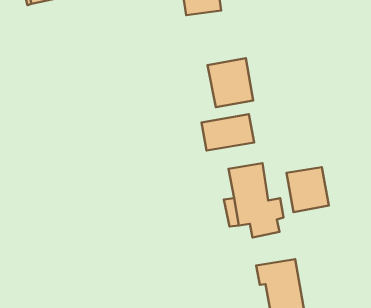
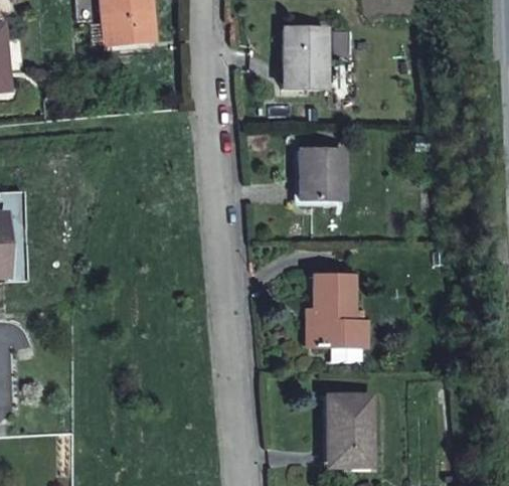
building: [201,114,254,150] -> none
building: [287,167,329,212] -> none

